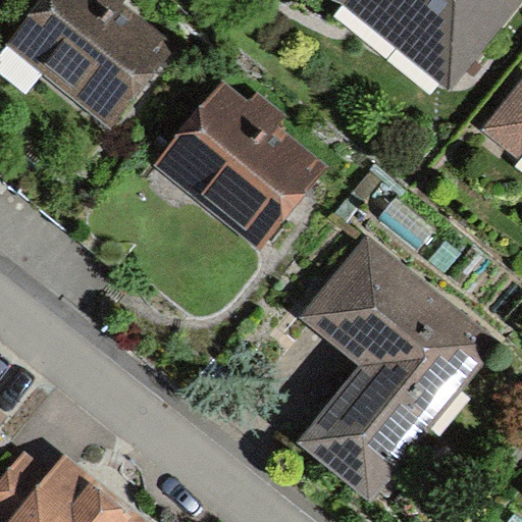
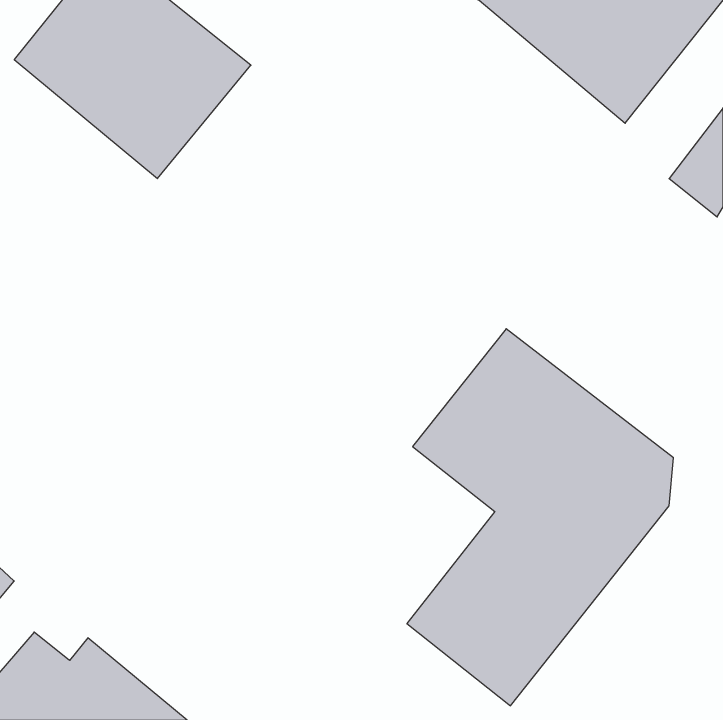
building: [155,84,328,254] -> none

